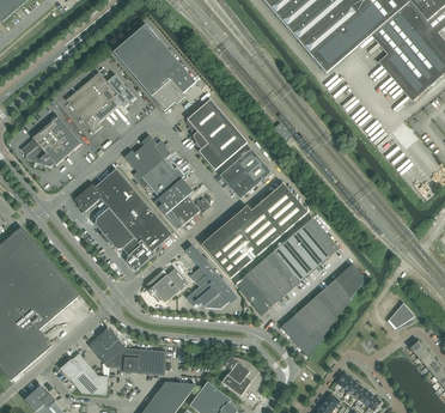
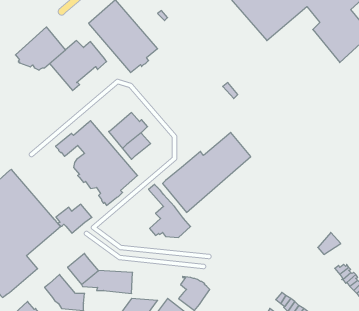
building: [187,98,246,169] -> none
building: [20,115,80,166] -> [15,27,66,70]
building: [123,134,170,181] -> none
building: [219,147,270,198] -> none
building: [164,195,209,229] -> none
building: [234,217,339,314] -> none
building: [280,262,365,357] -> none
building: [145,267,188,302] -> [56,204,92,233]

